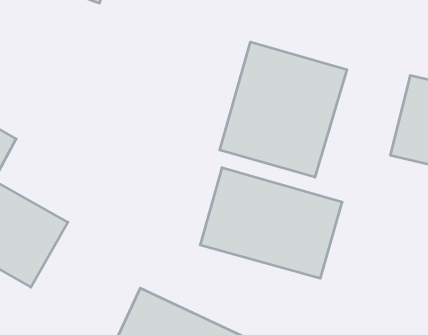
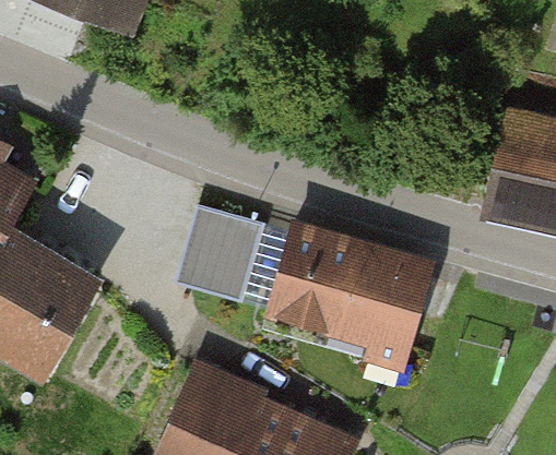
building: [220,42,347,177] -> none
building: none -> [175,195,268,291]

